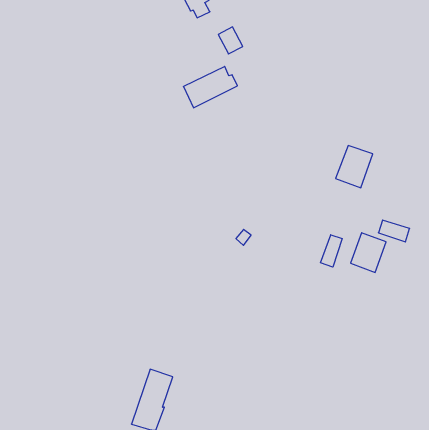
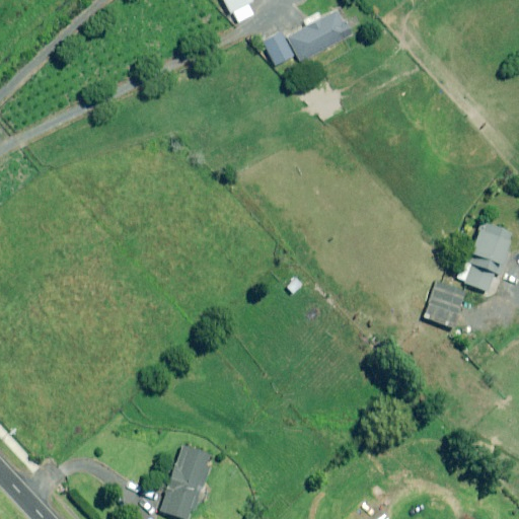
building: [183,66,237,108] -> [288,10,353,60]
building: [336,146,373,188] -> [466,221,511,272]
building: [321,235,342,267] -> none

